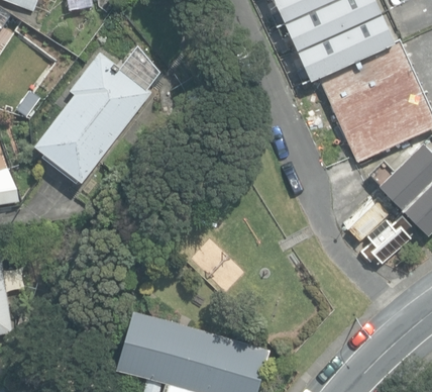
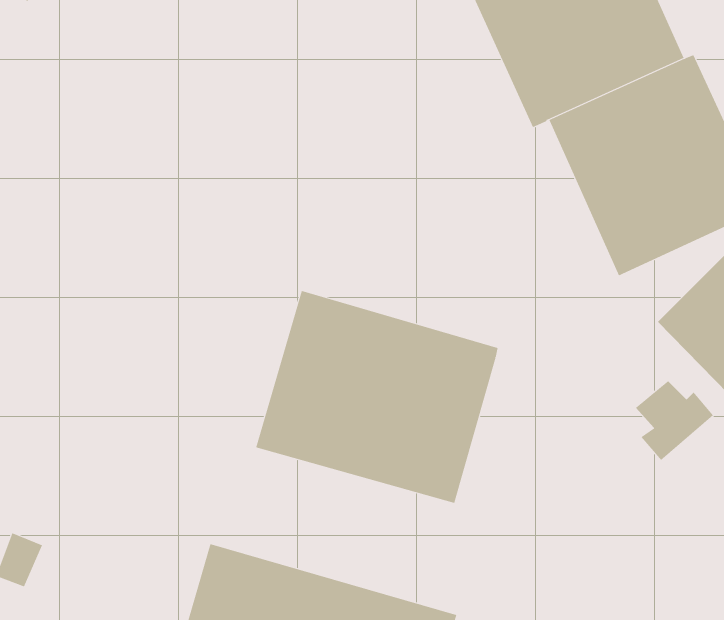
building: [33,52,151,182] -> none
building: none -> [255,290,498,505]

